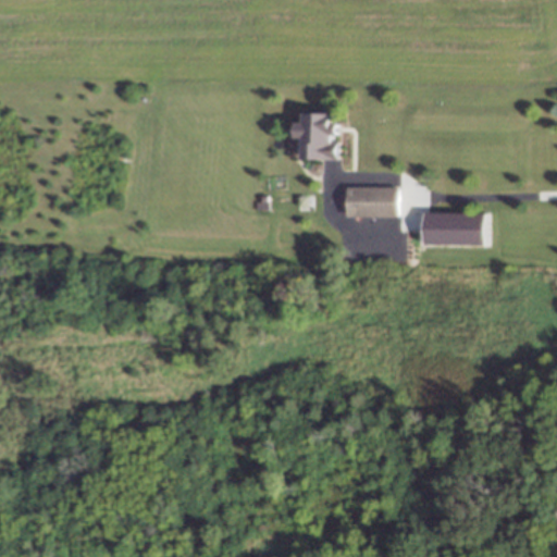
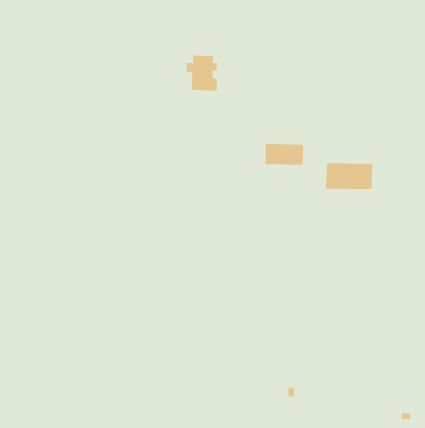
building: [292,112,333,159] -> [186,55,218,91]

